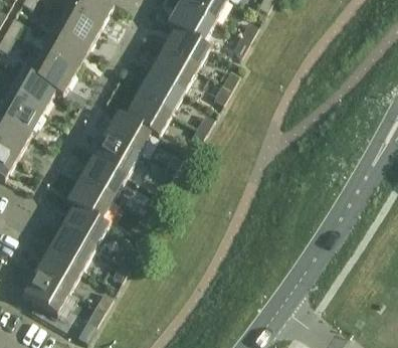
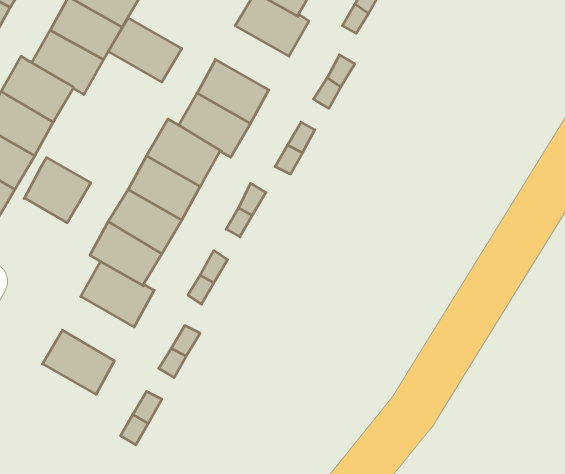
building: [148,50,196,93] -> [108,18,182,82]
building: none -> [24,158,91,223]
building: [47,228,94,271] -> none
building: [21,273,69,315] -> none

